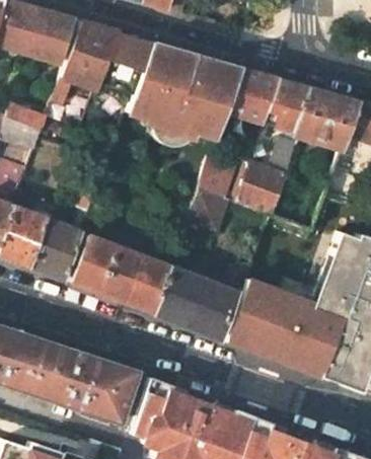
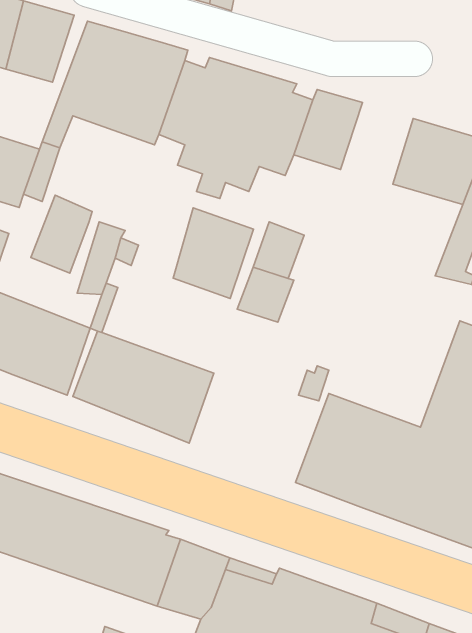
building: [256,77,307,134] -> none
building: none -> [31,195,92,273]
building: none -> [173,208,254,298]
building: [236,164,285,216] -> none
building: [151,265,235,338] -> none

